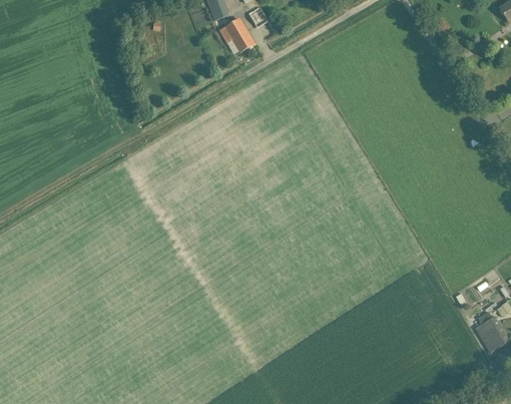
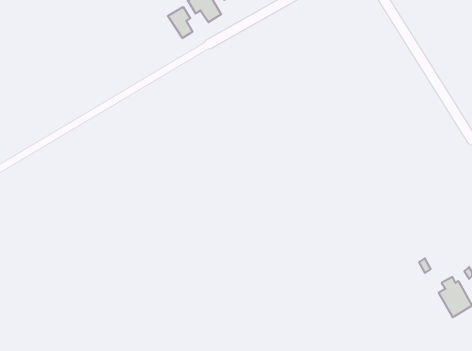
building: none -> [168,7,193,38]

